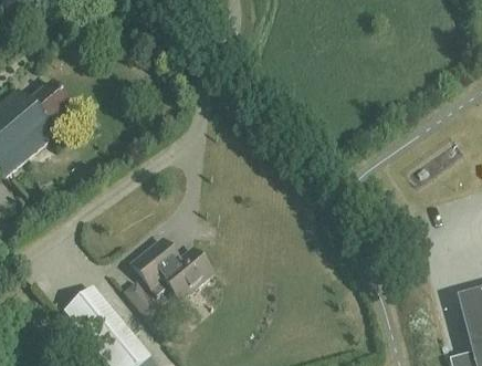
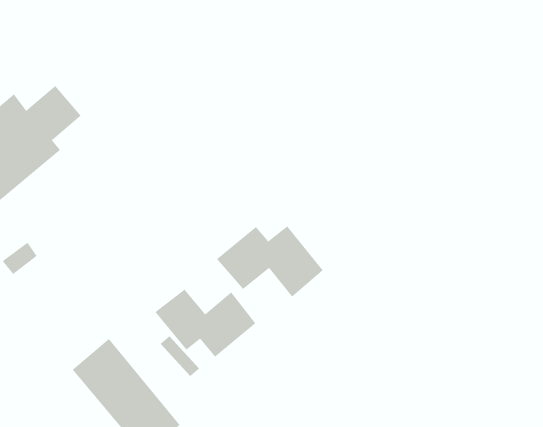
building: none -> [216,225,324,298]

